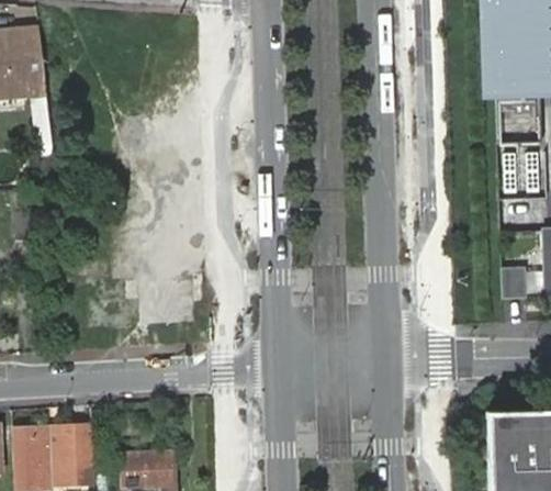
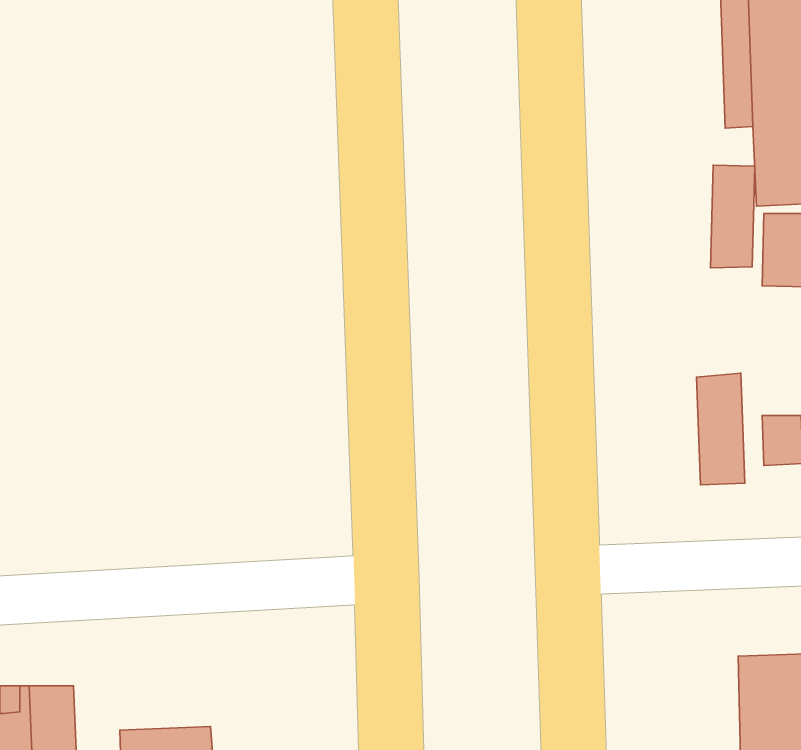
building: none -> [711,165,755,268]
building: none -> [697,373,745,485]

